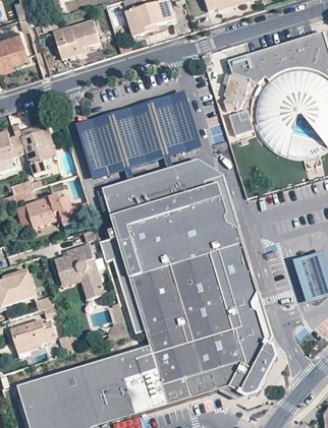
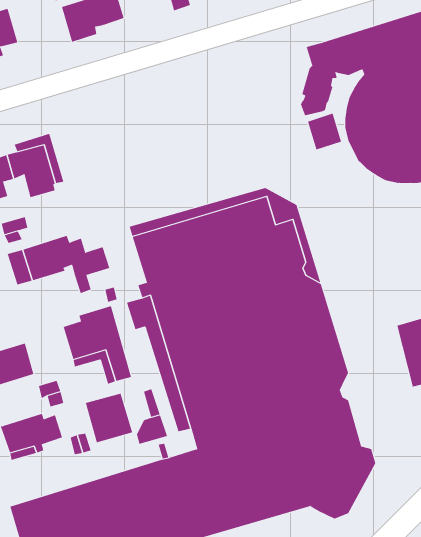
building: [76,94,201,183] -> none
building: none -> [85,393,133,443]

